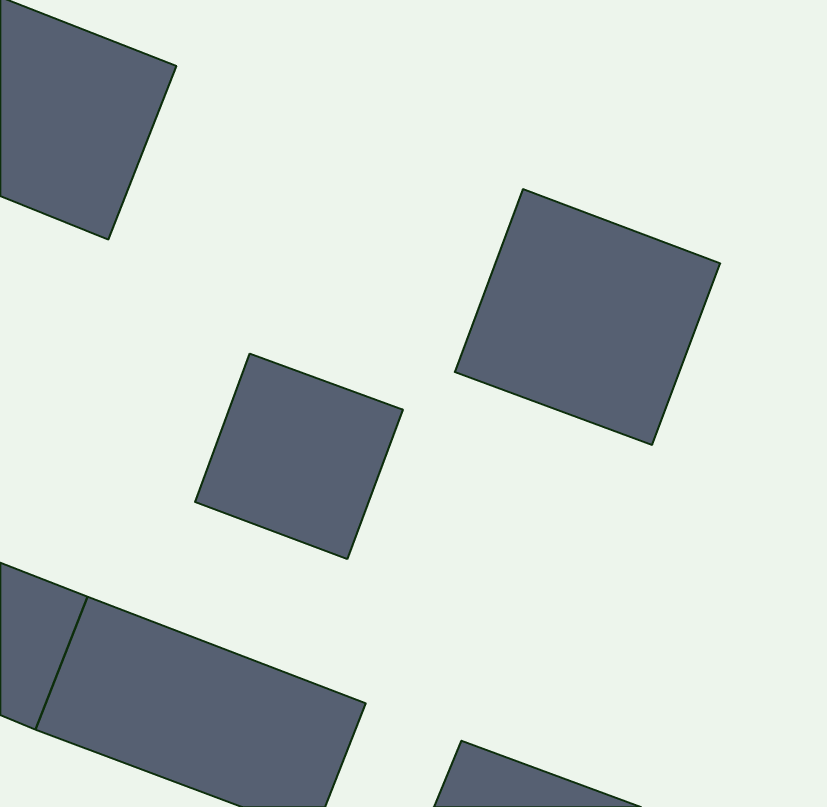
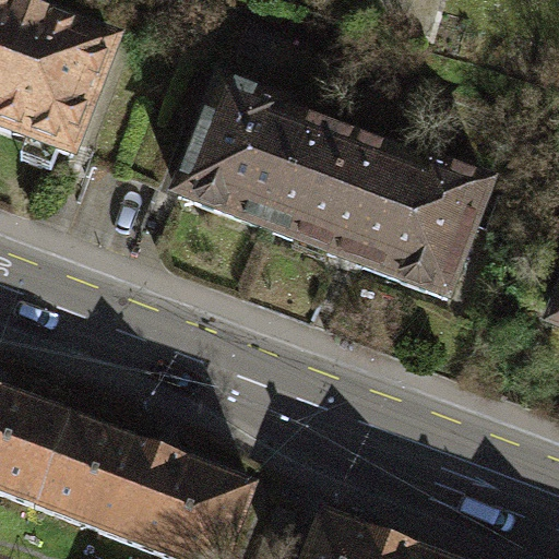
building: none -> [173,79,353,251]
building: [195,354,403,559] -> none

